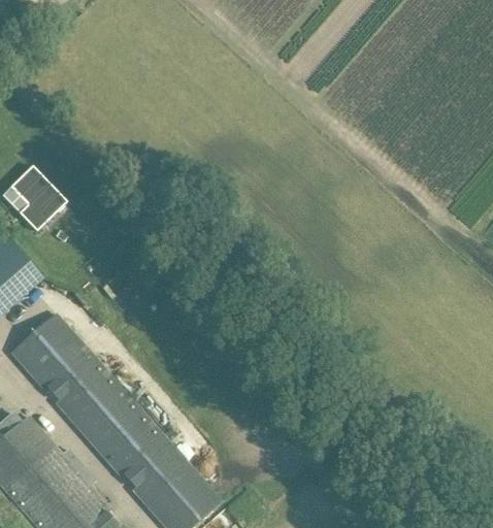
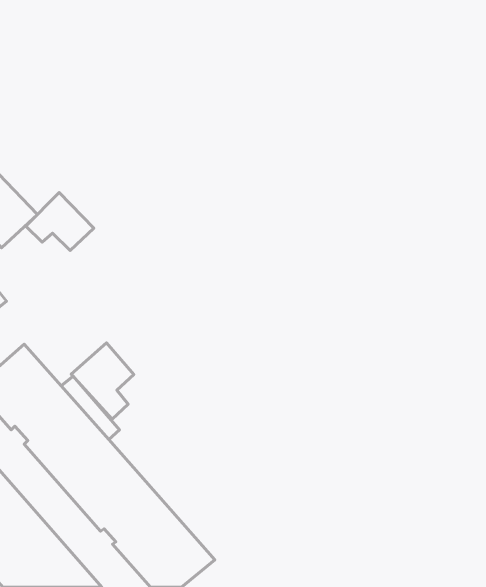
building: none -> [26,193,94,251]
building: none -> [71,343,134,419]

